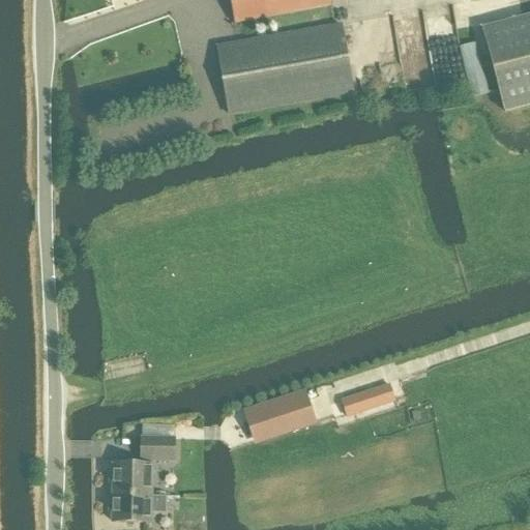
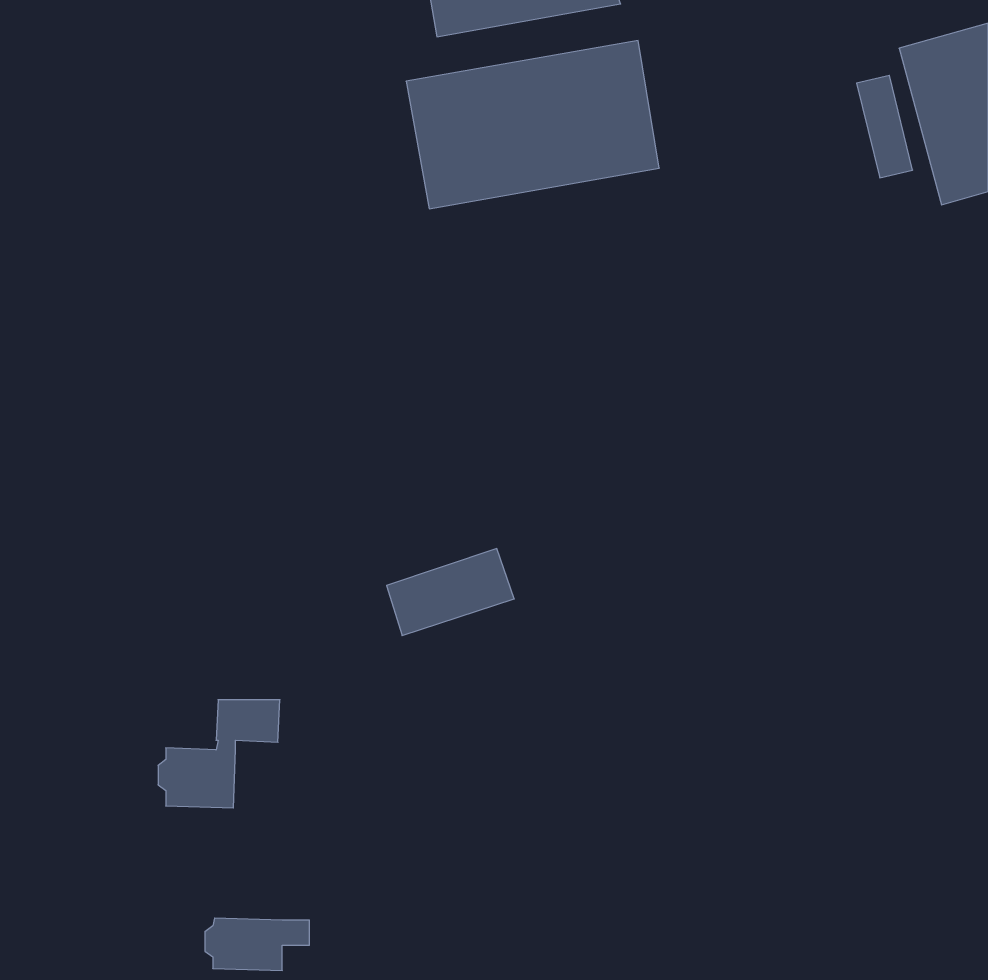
building: [341,381,394,415] -> none
building: [245,389,314,436] -> [387,549,514,636]
building: [111,435,176,493] -> [158,700,280,808]

